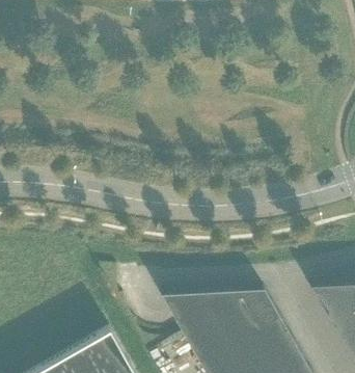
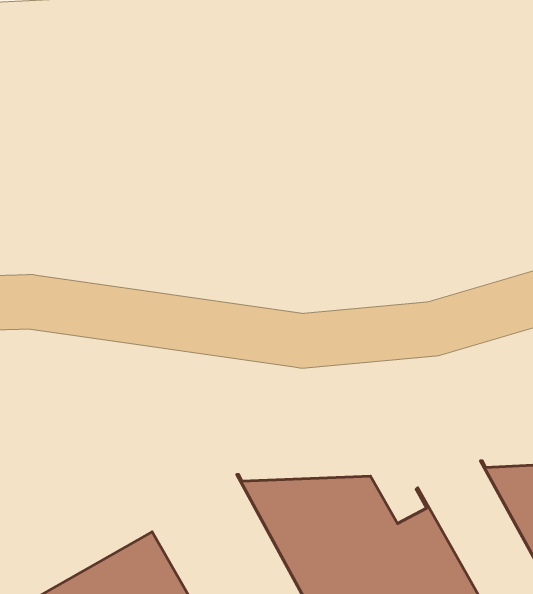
building: [165,291,280,325] -> none

